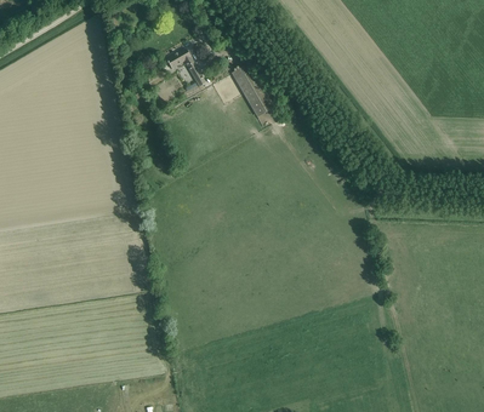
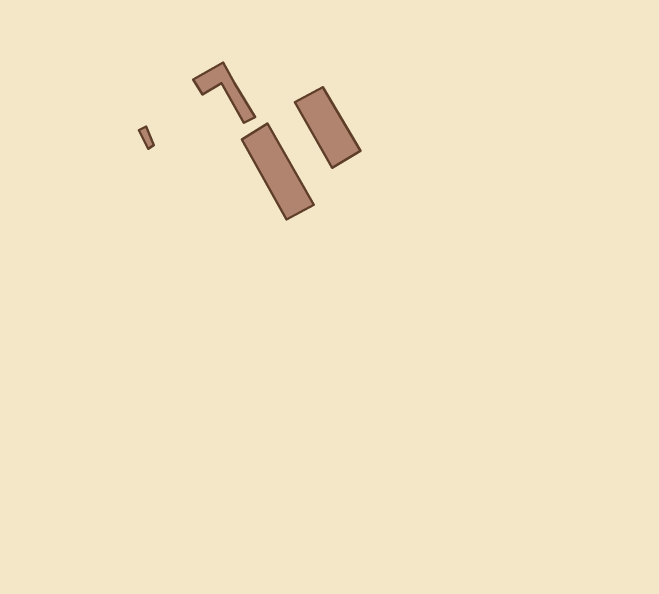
building: none -> [242,124,314,219]

